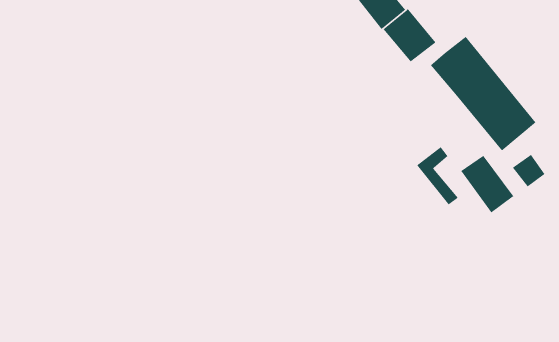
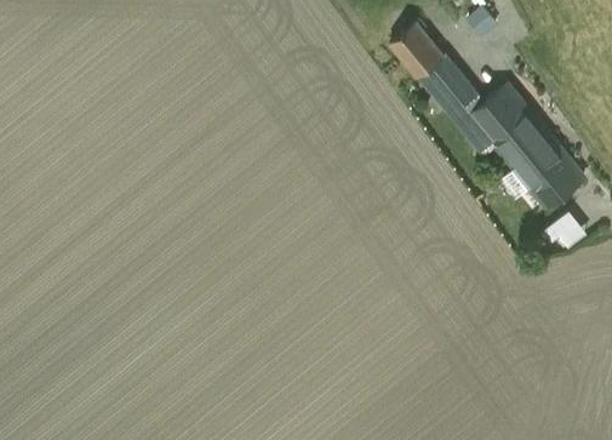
building: [416,146,459,206] -> [448,91,494,155]
building: [460,155,514,213] -> none

